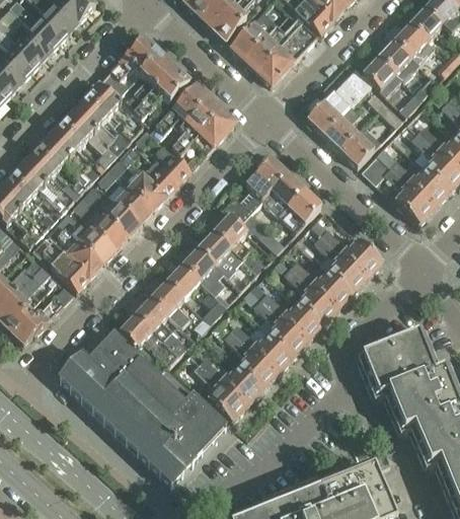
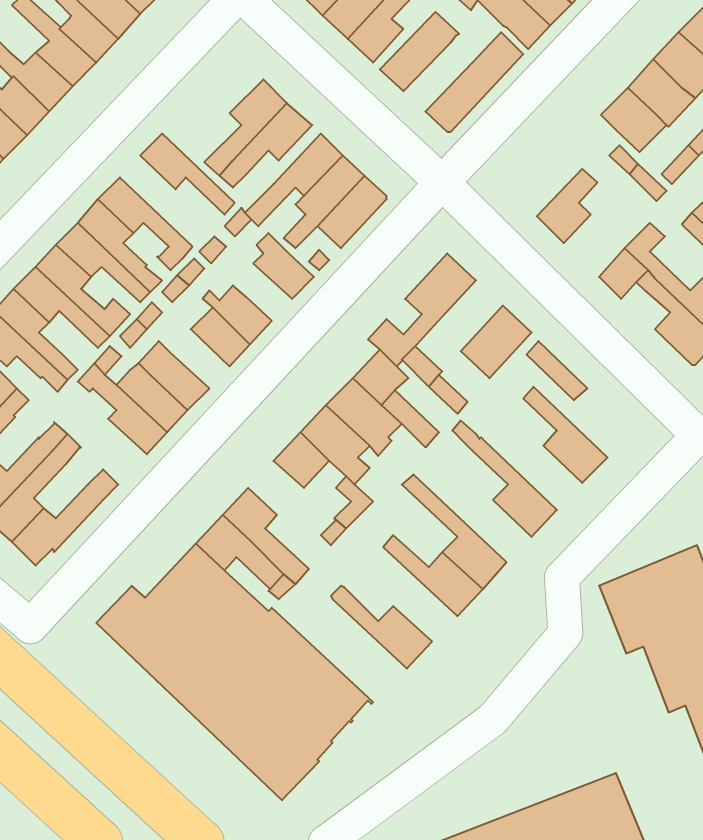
building: [243,19,302,71] -> none
building: [101,38,159,95] -> none
building: [306,67,371,134] -> none
building: [73,97,130,152] -> none
building: [339,126,379,166] -> none
building: [141,162,176,197] -> none
building: [261,172,303,215] -> none
building: [103,202,139,237] -> none
building: [321,230,381,279] -> none
building: [31,236,89,291] -> none
building: [290,260,351,310] -> none
building: [150,281,188,325] -> none
building: [248,281,320,342] -> none
building: [225,332,276,389] -> none
building: [193,362,245,422] -> none

